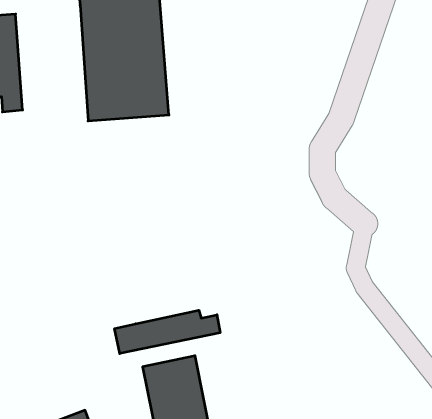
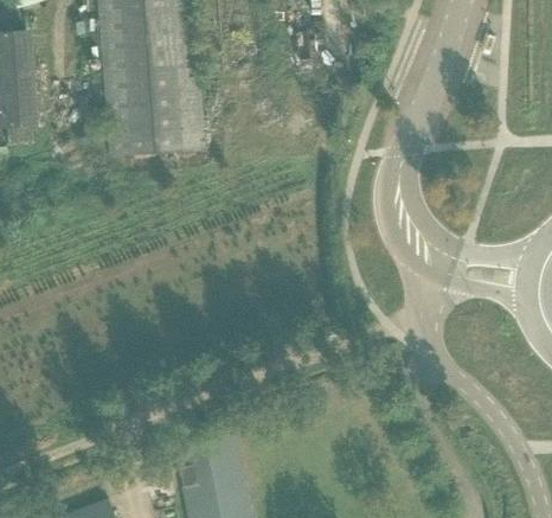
building: [115,310,220,354] -> none

